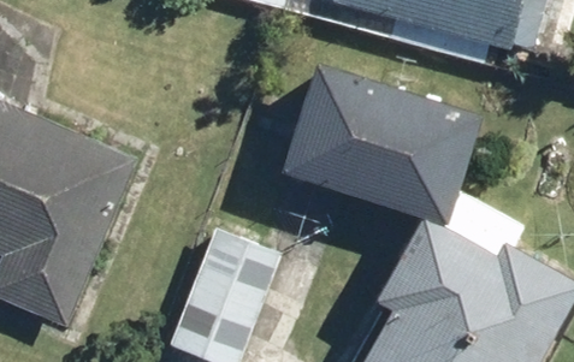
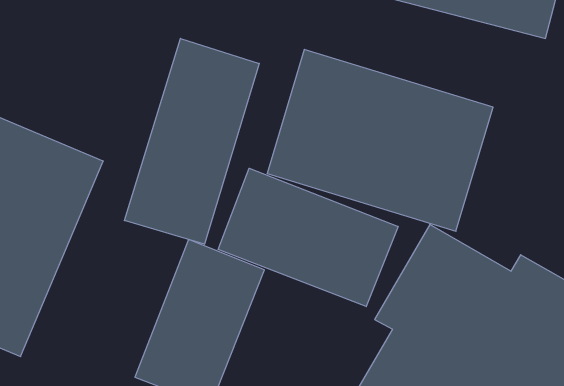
building: none -> [124,38,259,244]
building: none -> [218,168,398,307]

